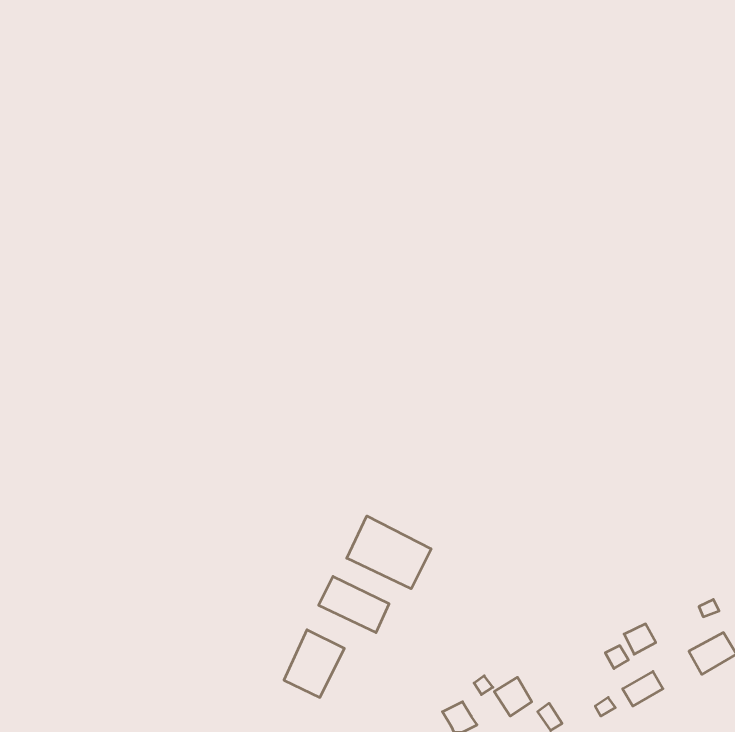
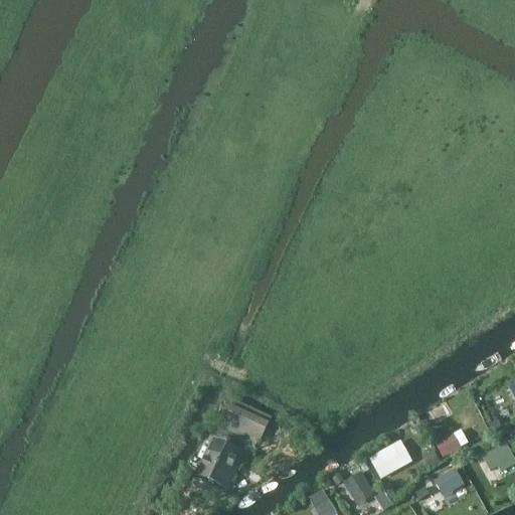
building: [347,516,431,589] -> none
building: none -> [372,447,403,476]

